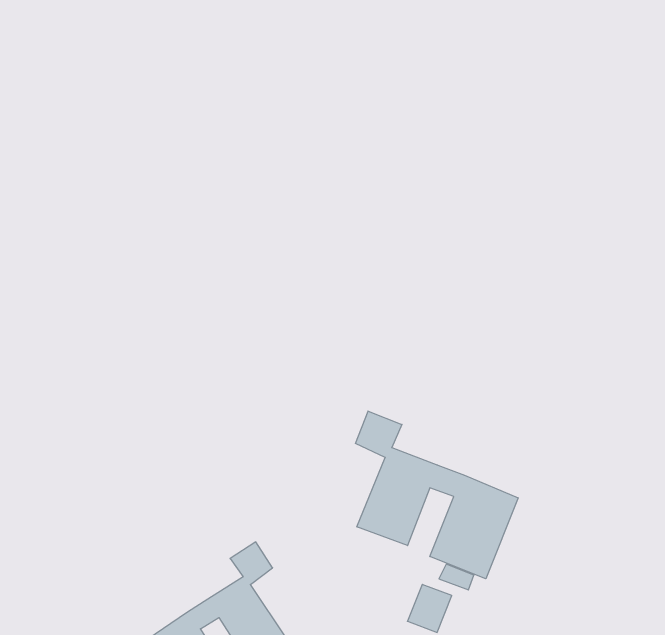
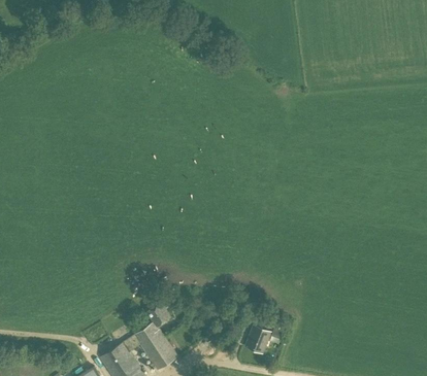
building: [356,411,518,579] -> none

